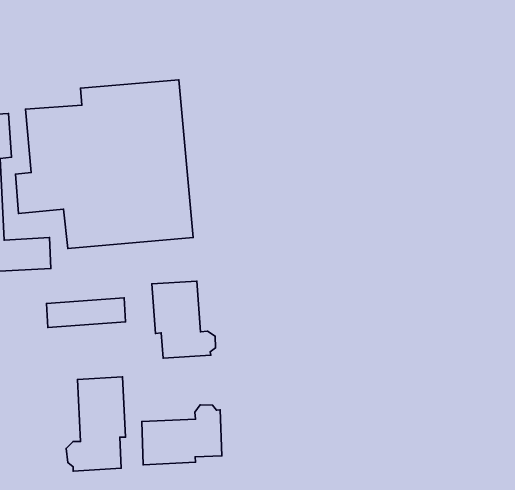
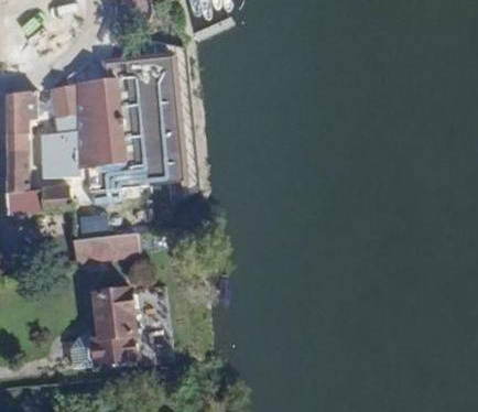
building: [152,281,215,358] -> none
building: [142,405,222,465] -> none

